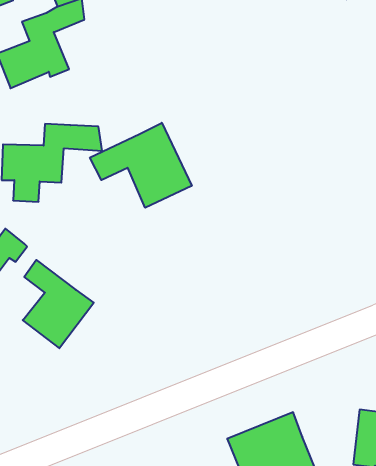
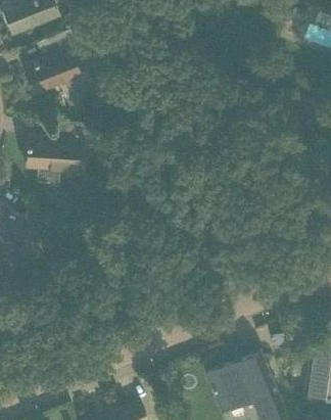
building: [90,123,192,208] -> none
building: [23,260,94,348] -> none

